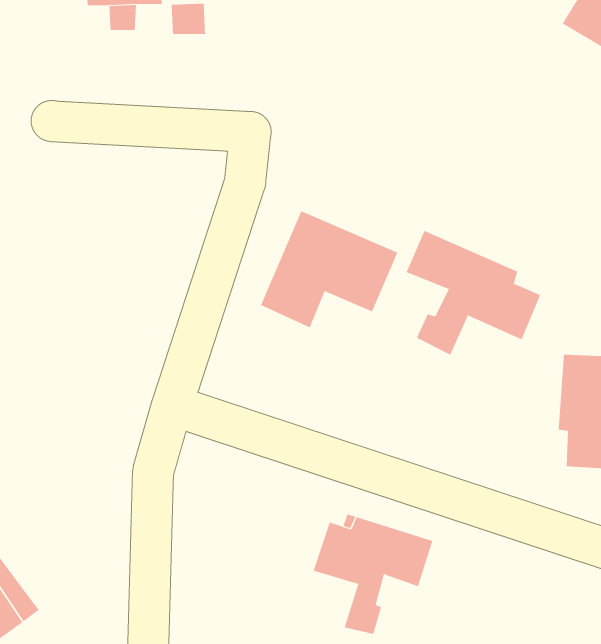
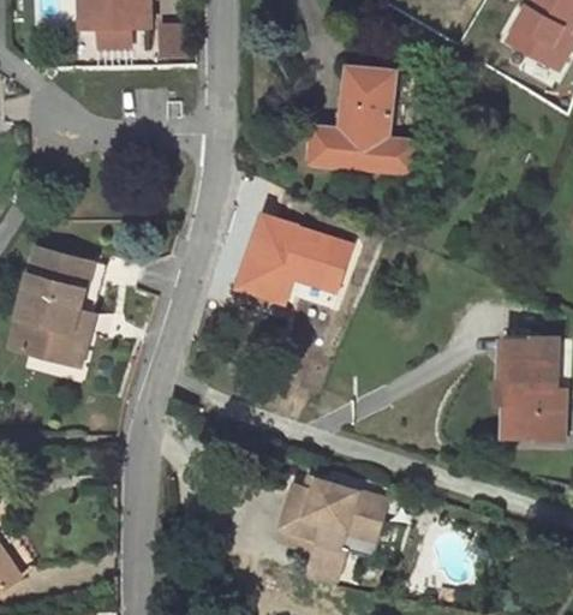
building: none -> [316,70,416,177]
building: [406,230,541,356] -> none
building: none -> [12,246,78,358]

